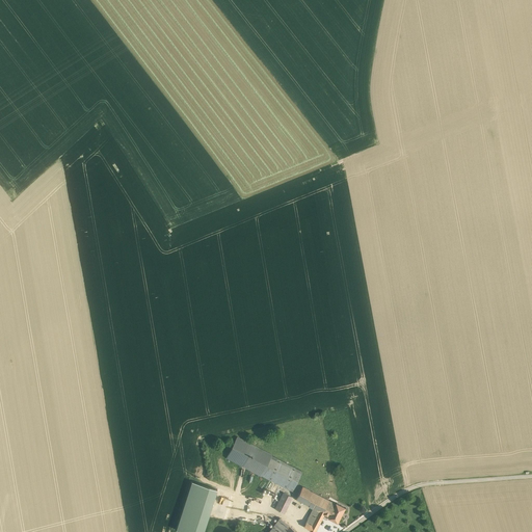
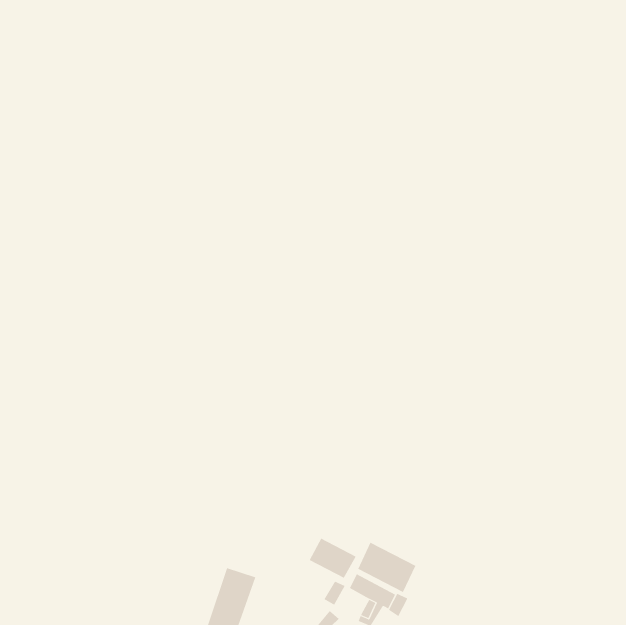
building: [227,438,272,476] -> none
building: none -> [357,542,416,593]

